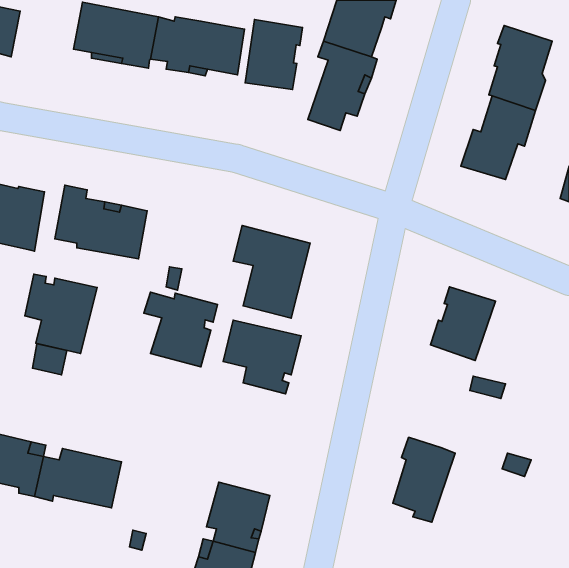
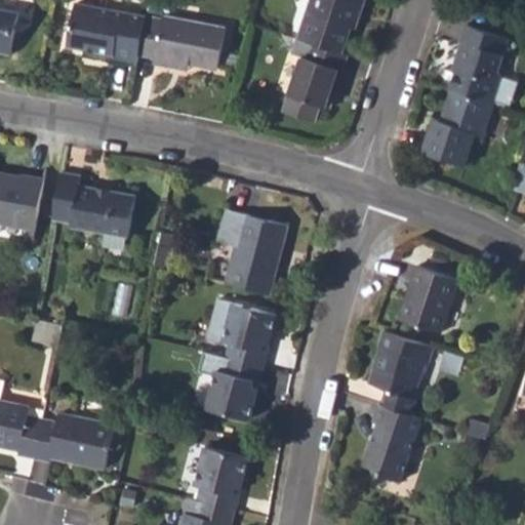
building: [245,19,303,89] -> none
building: [25,274,97,354] -> none
building: [144,292,218,367] -> [195,353,262,421]
building: none -> [365,330,431,413]

